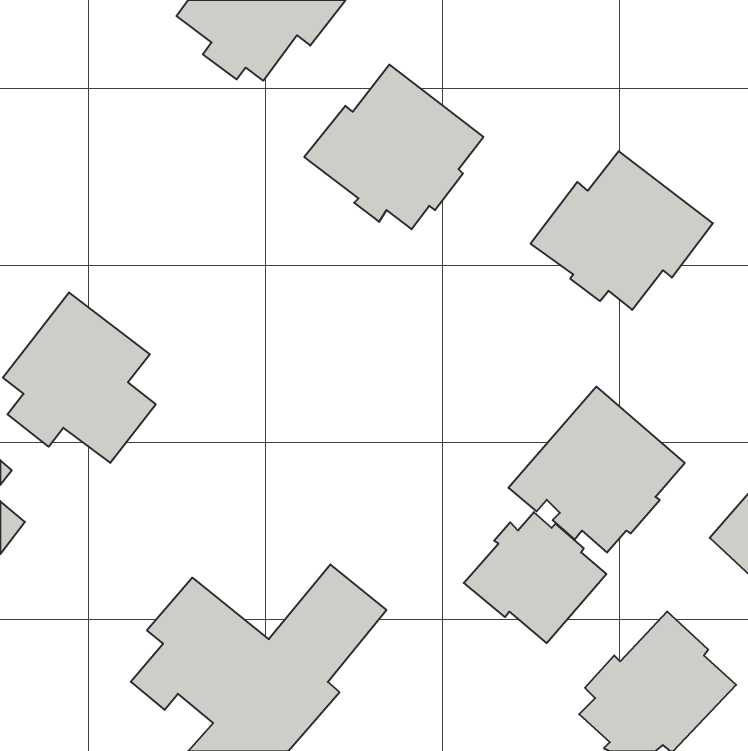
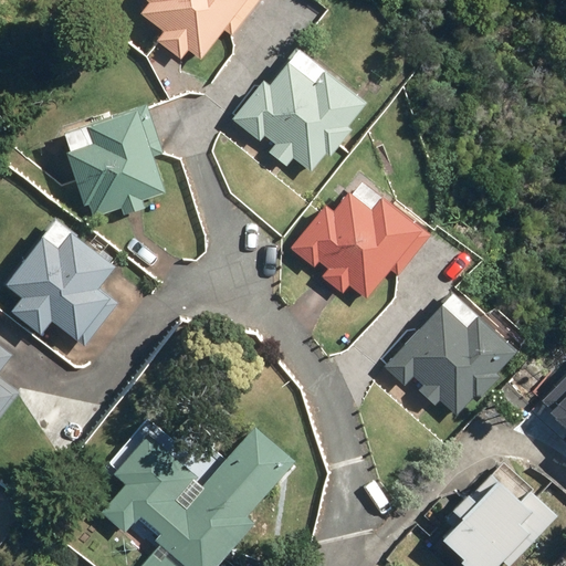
building: none -> [60,103,167,219]
building: [531,151,713,310] -> [291,180,428,300]
building: [464,512,606,643] -> none

